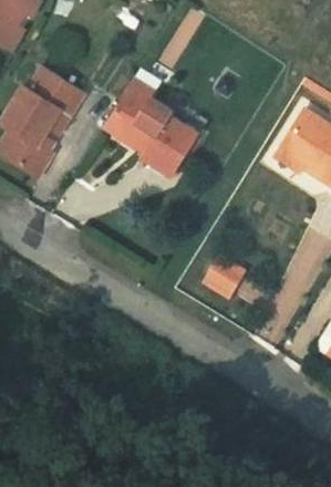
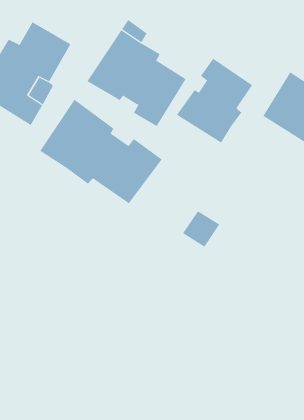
building: none -> [176,58,253,144]
building: none -> [40,99,162,204]

